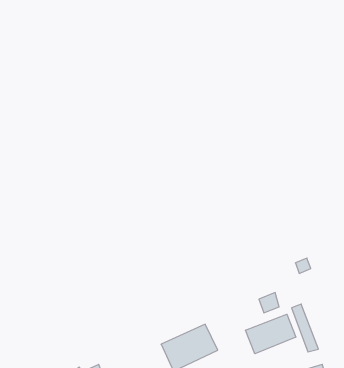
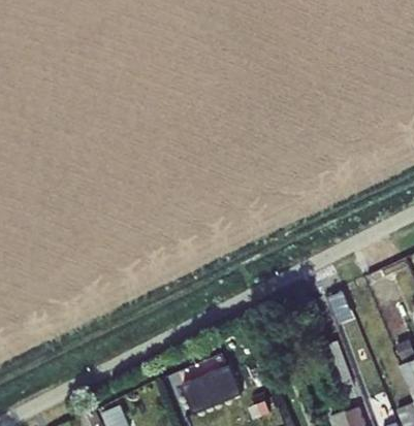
building: [246,314,296,354] -> none

